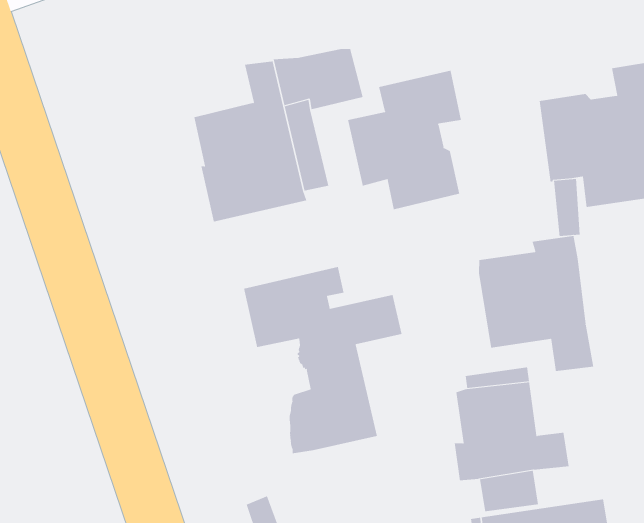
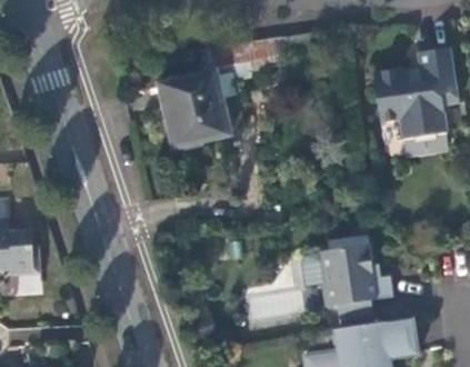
building: [348,70,461,210] -> none
building: [478,235,594,372] -> none
building: [244,266,402,454] -> none

